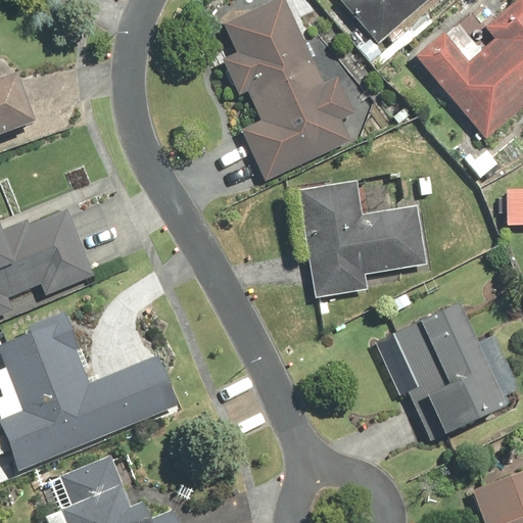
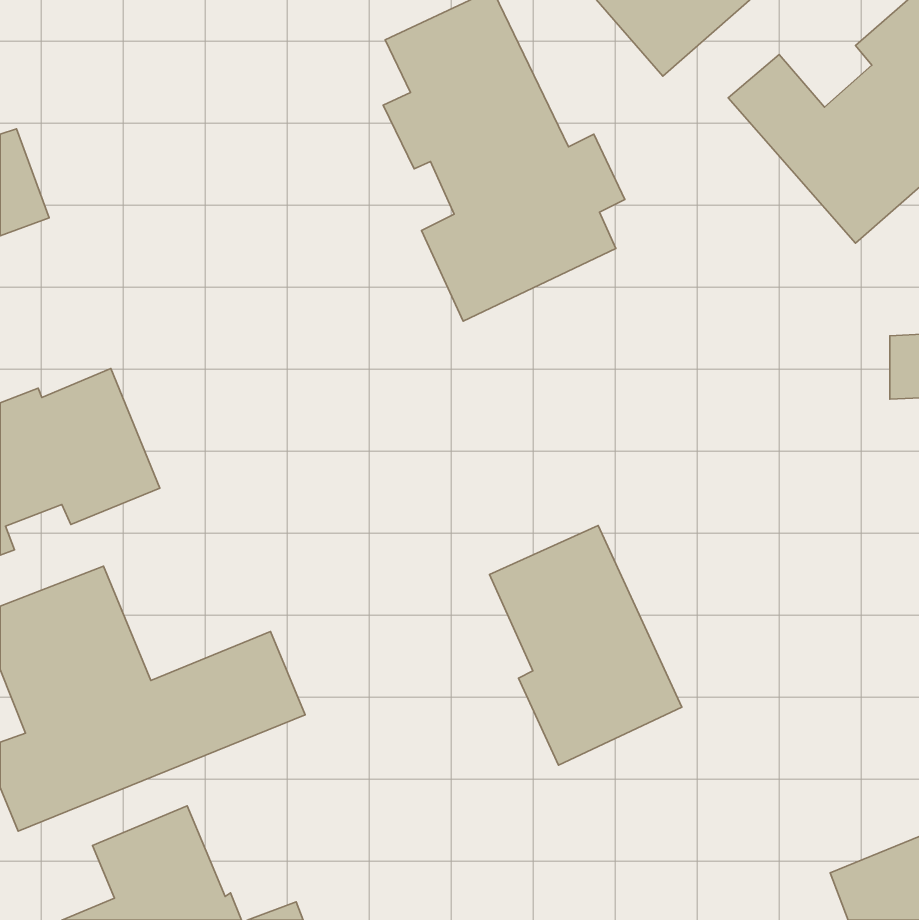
building: [296,180,428,298] -> none
building: [392,305,501,440] -> [489,526,682,765]

